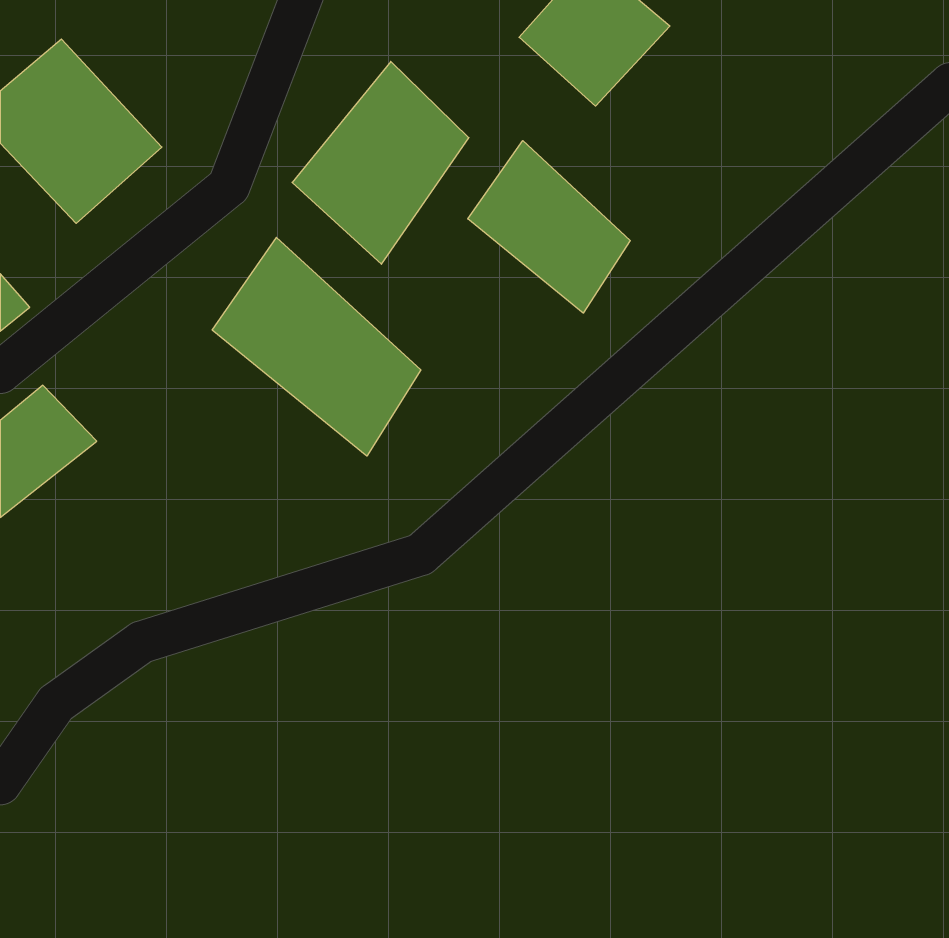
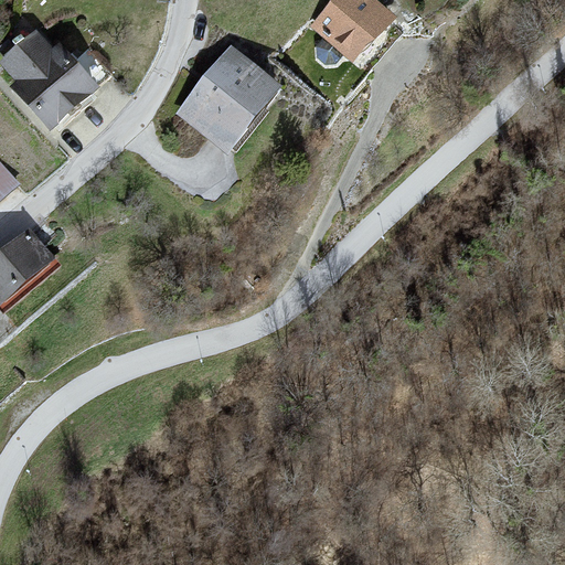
building: [468,141,630,313] -> none
building: [212,237,421,456] -> none

